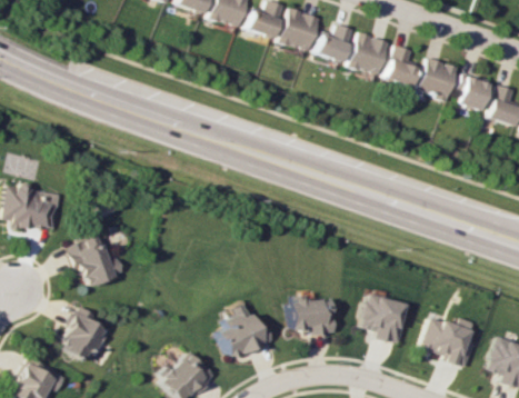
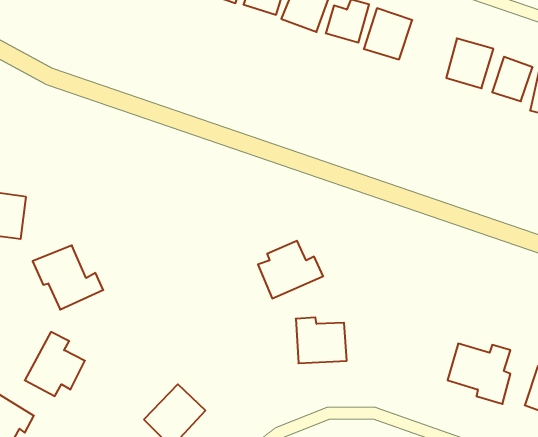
building: [385,46,418,86] -> none
building: [359,293,407,344] -> none
building: [218,311,273,360] -> [258,241,323,298]

